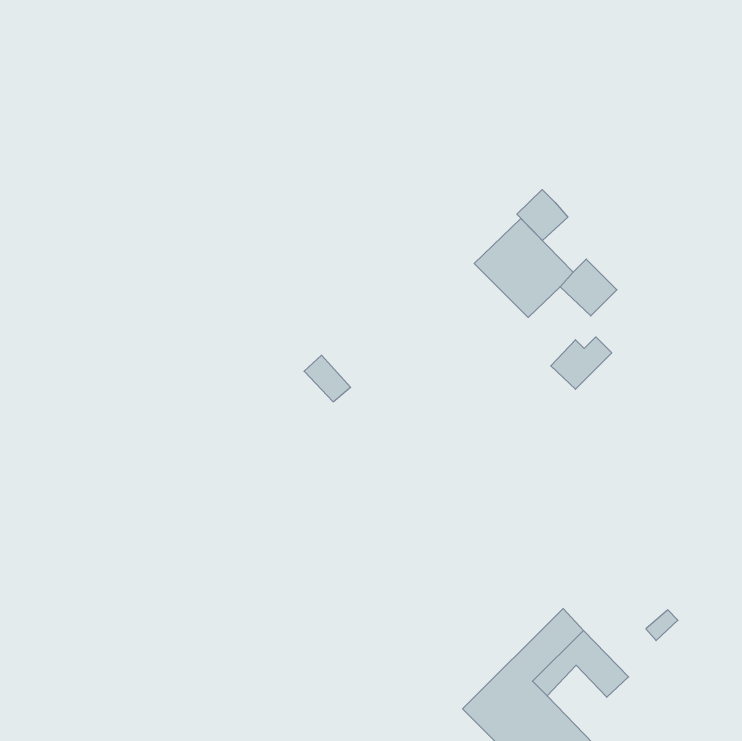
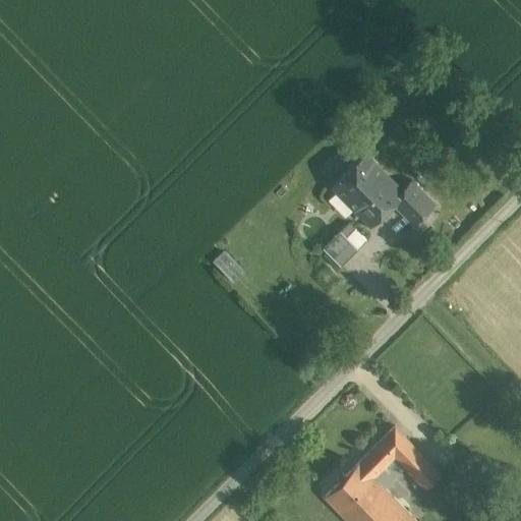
building: [517,190,568,241] -> none
building: [551,337,612,389] -> [323,230,365,267]

